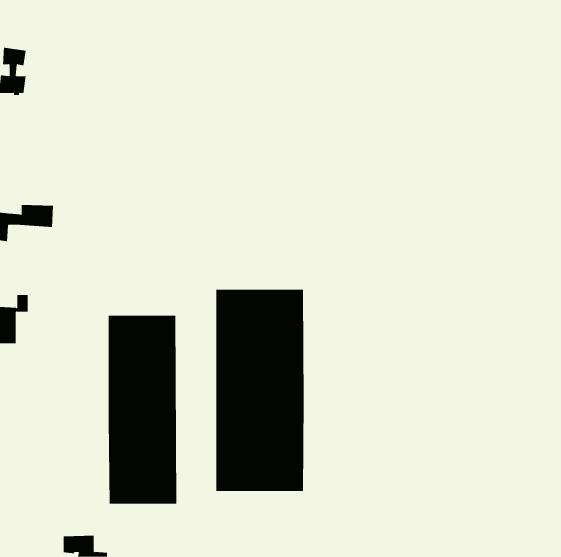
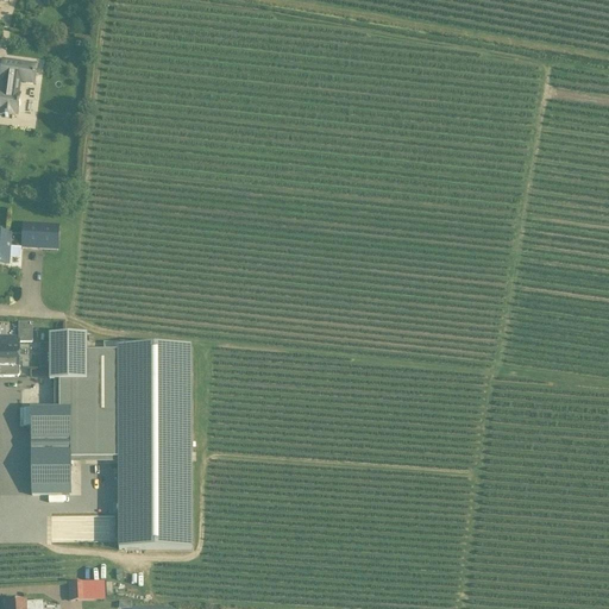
building: [216,289,304,492] -> none
building: none -> [19,329,117,492]

